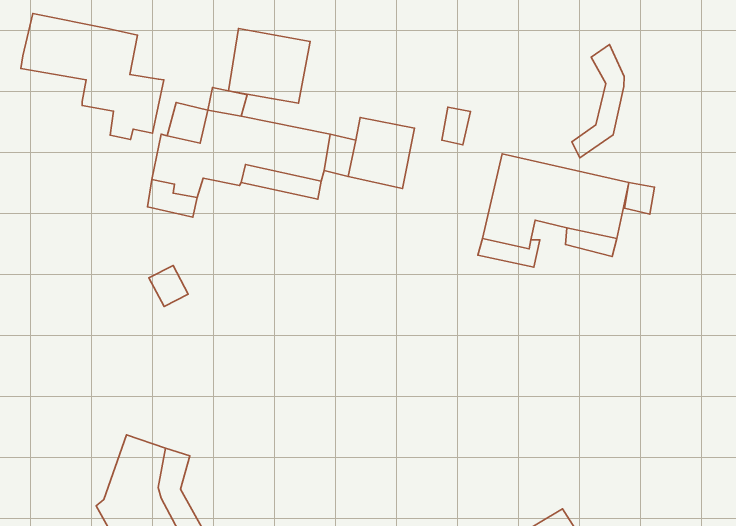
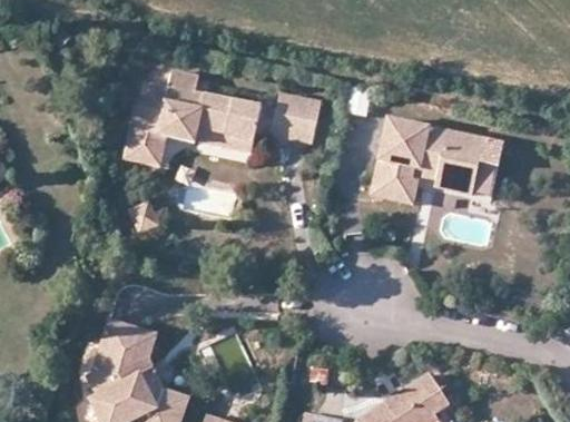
building: [21,14,164,140] -> none
building: [228,28,310,103] -> none
building: [572,44,624,158] -> none

